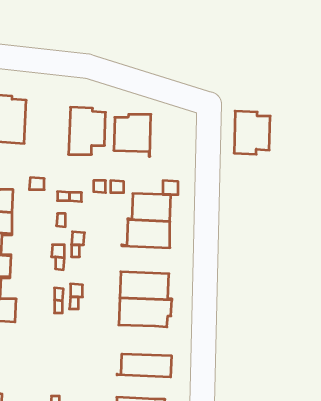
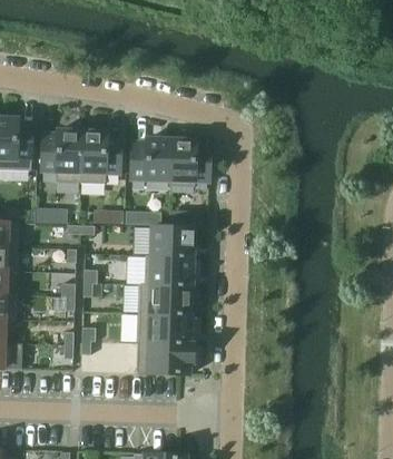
building: none -> [40,129,81,183]
building: [234,111,270,154] -> [169,138,209,186]
building: none -> [137,284,191,315]
building: [117,354,171,377] -> none

